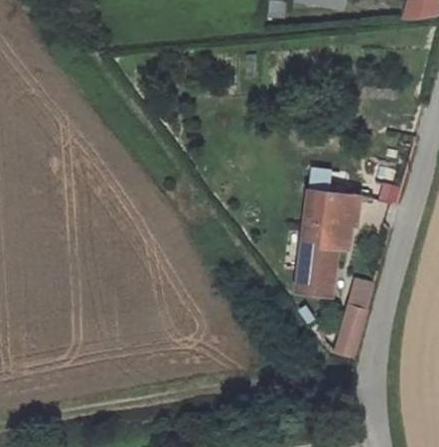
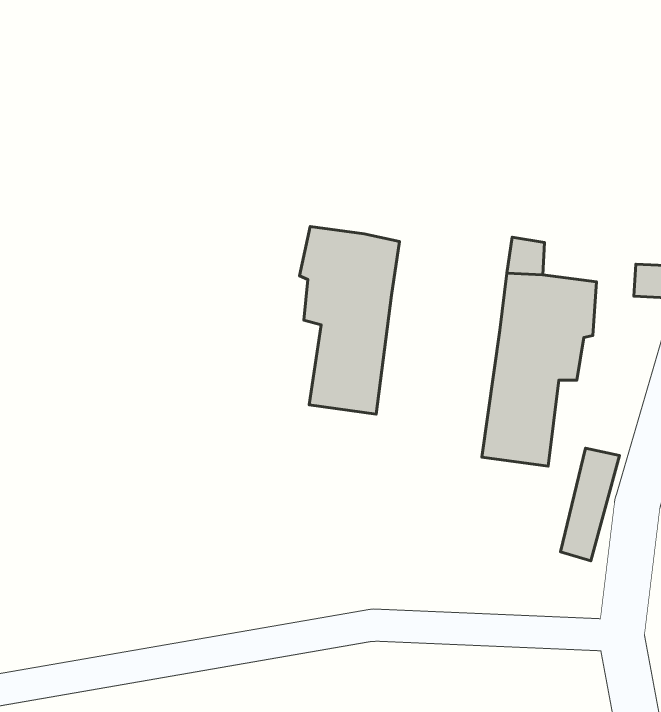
building: none -> [300,226,400,414]

